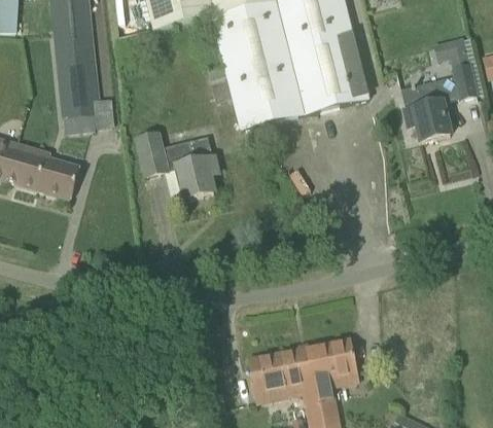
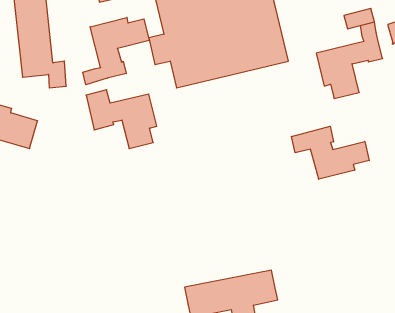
building: none -> [83,17,149,85]
building: none -> [291,126,369,179]

